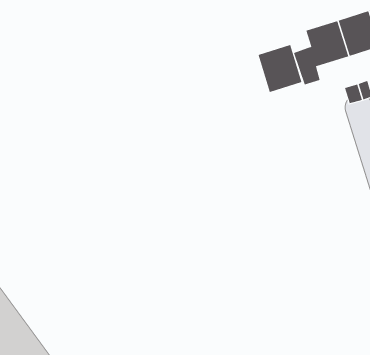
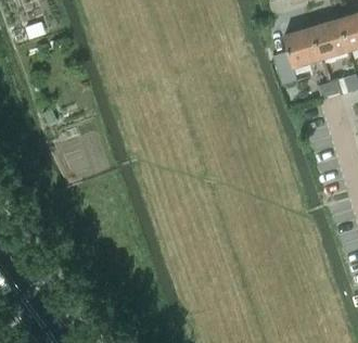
building: [258,44,302,93] -> none

